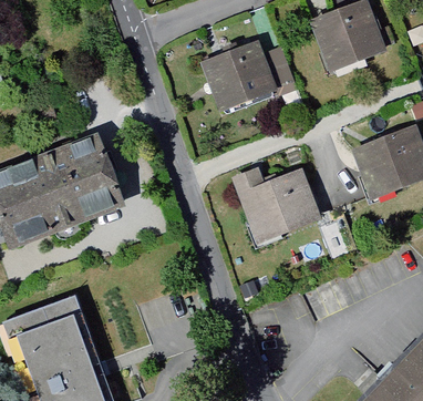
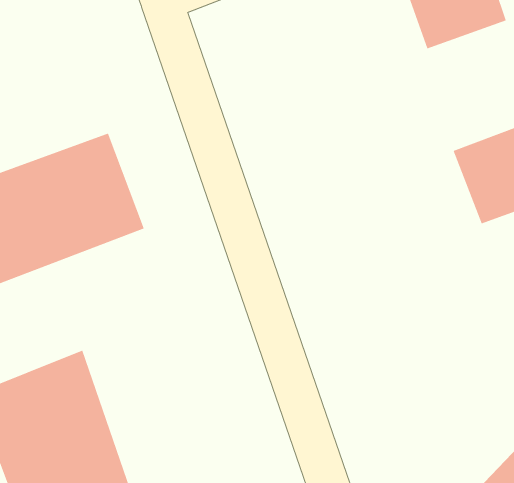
building: [203,43,279,113] -> none
building: [228,148,319,236] -> none

